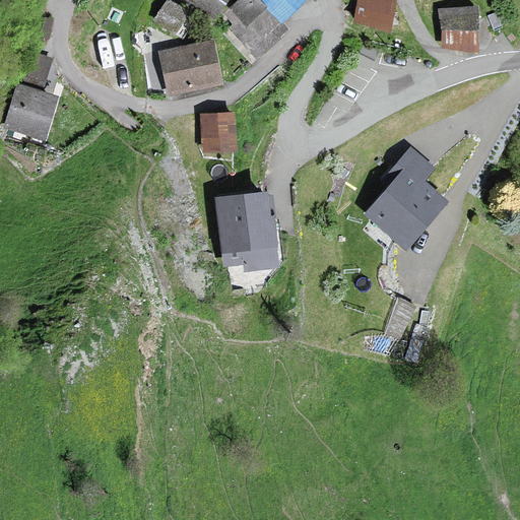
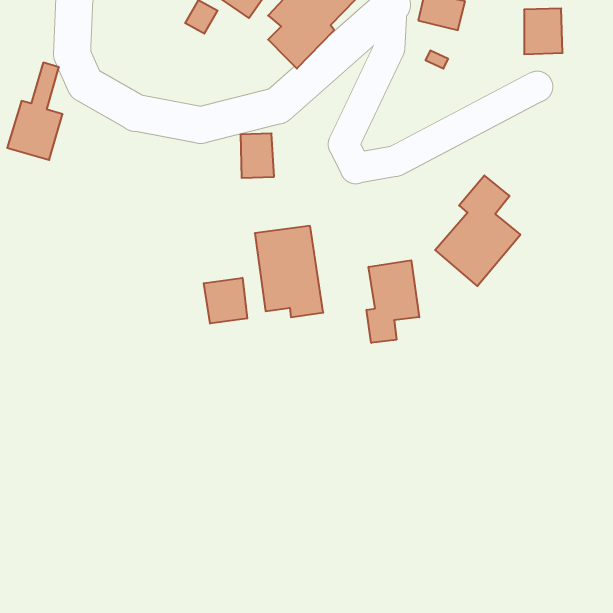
building: [161,43,217,90] -> none
building: none -> [367,260,419,343]
building: none -> [204,278,247,324]

